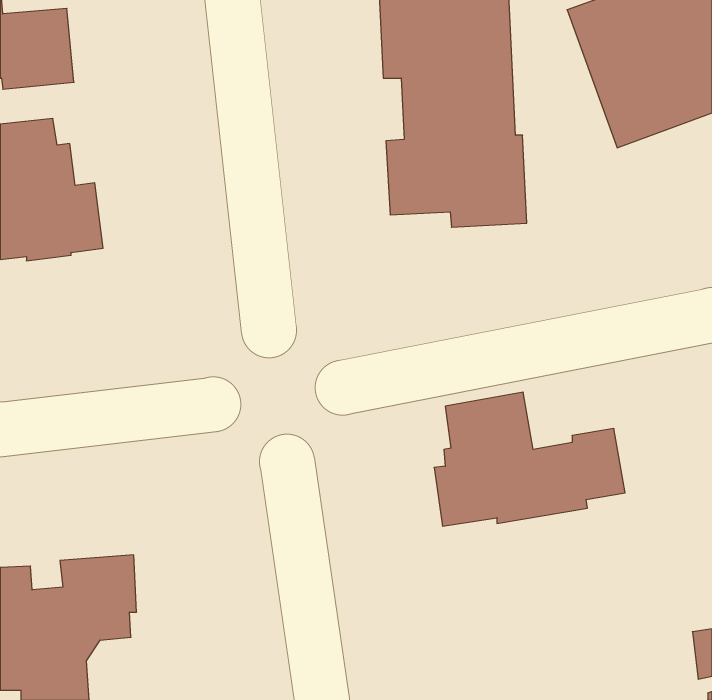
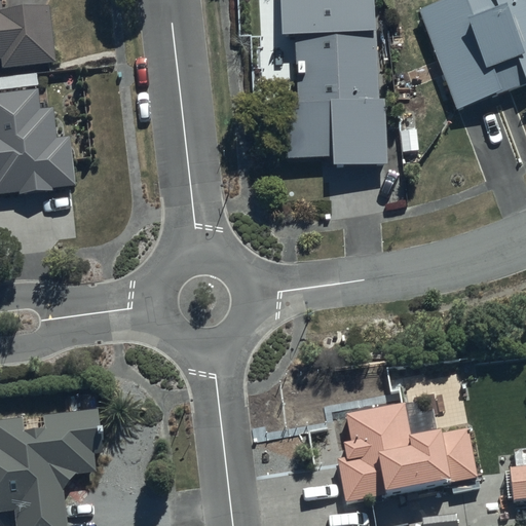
building: [434,392,625,526] -> [338,402,479,500]

